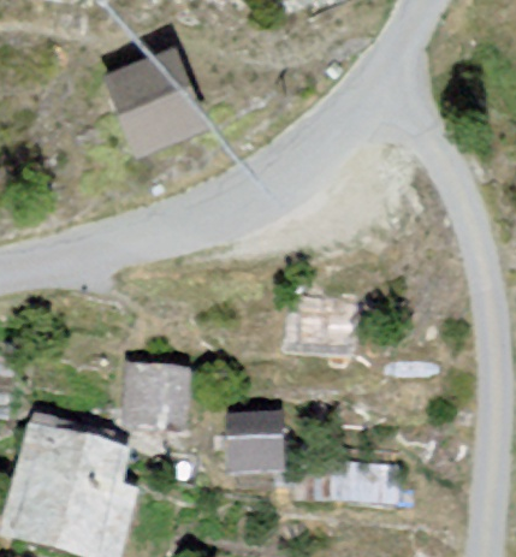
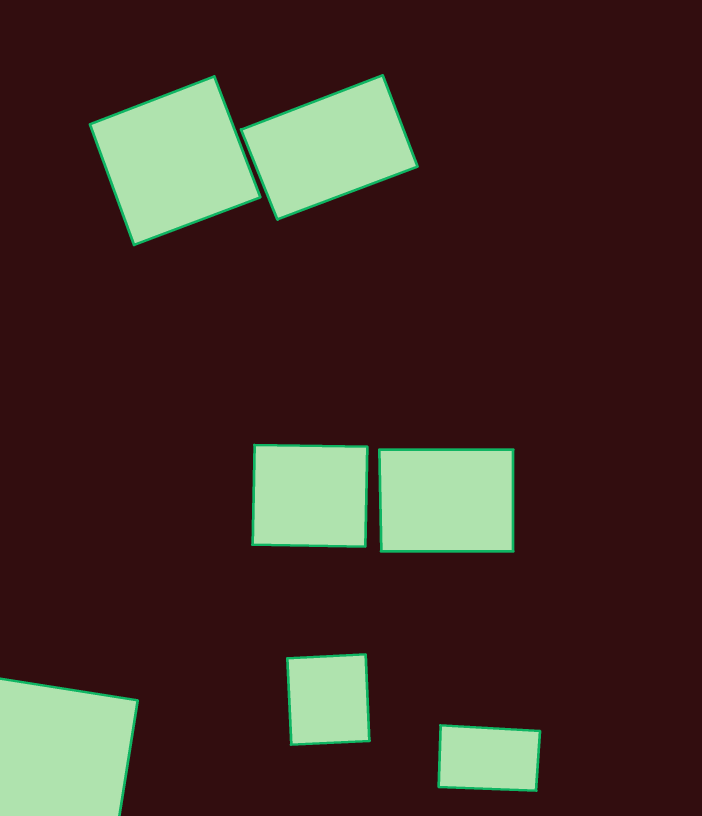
building: none -> [241,75,417,220]
building: [117,362,189,426] -> [252,445,367,546]

